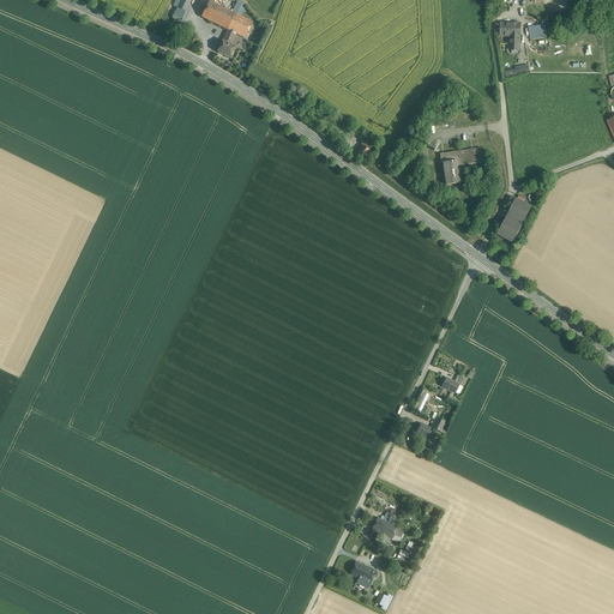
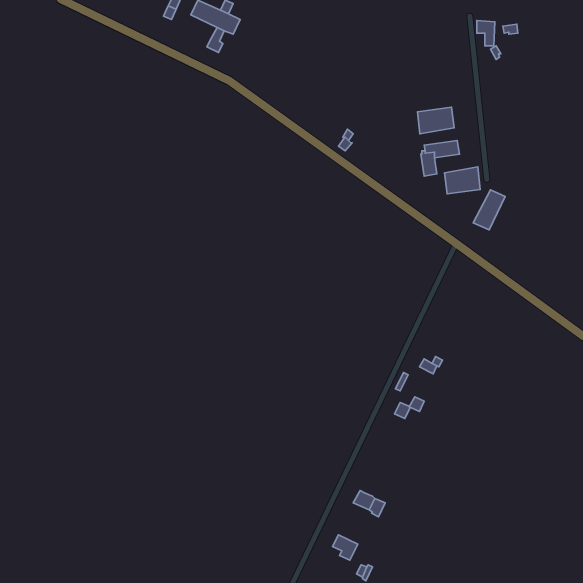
building: none -> [417,107,454,134]
building: none -> [444,167,480,194]

